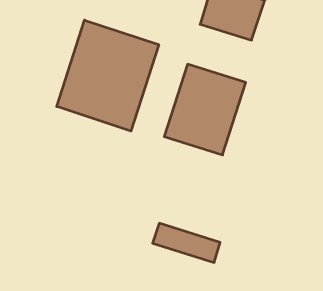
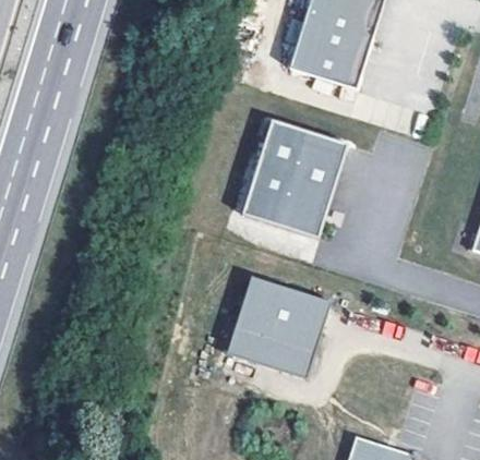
building: [57,20,159,131] -> none
building: none -> [236,275,332,352]

